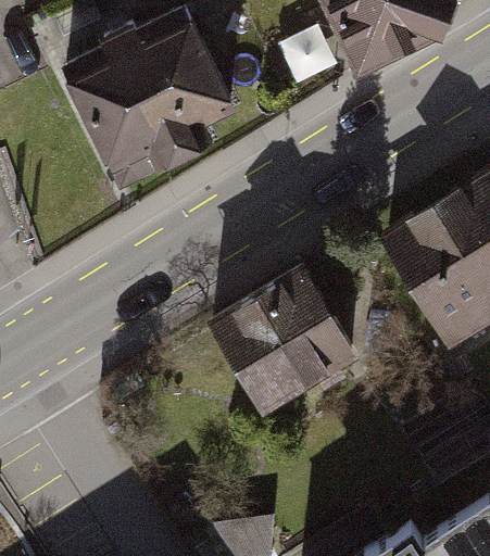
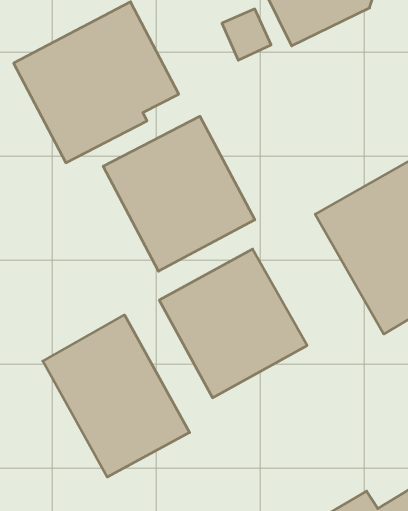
building: none -> [103,116,255,271]
building: none -> [43,315,190,477]

